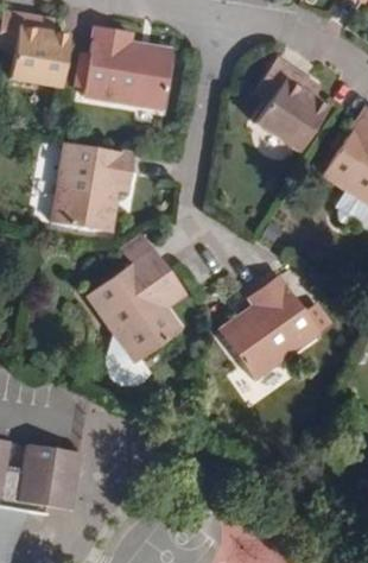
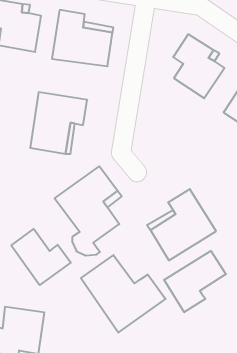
building: none -> [11,229,71,285]
building: none -> [164,251,226,312]
building: none -> [81,255,166,333]

